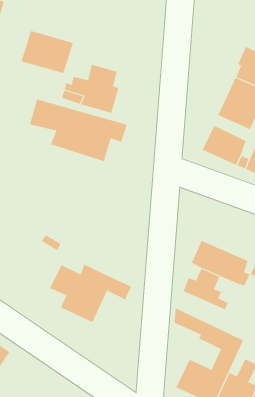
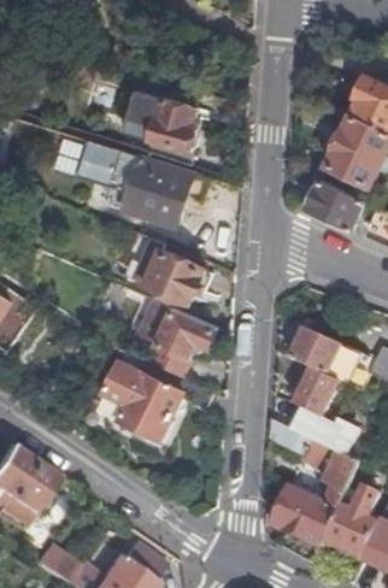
building: [21,31,73,74] -> none
building: none -> [118,231,212,302]
building: none -> [129,295,218,377]
building: none -> [293,410,360,457]

